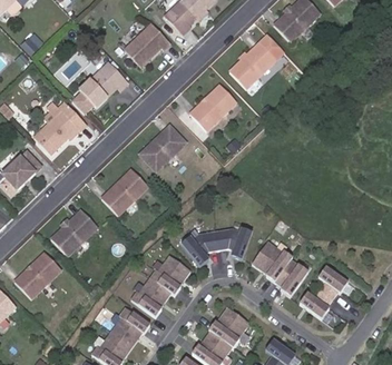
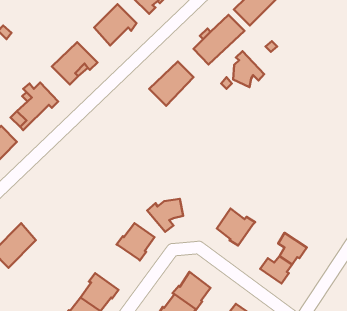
building: none -> [233,51,264,87]
building: [139,125,185,171] -> none
building: [102,170,148,217] -> none
building: [52,211,99,258] -> none
building: [214,226,251,257] -> none
building: [275,256,308,293] -> none
building: [130,278,170,317] -> none

